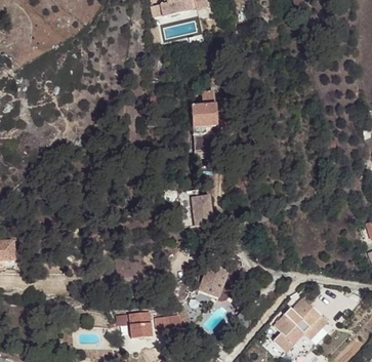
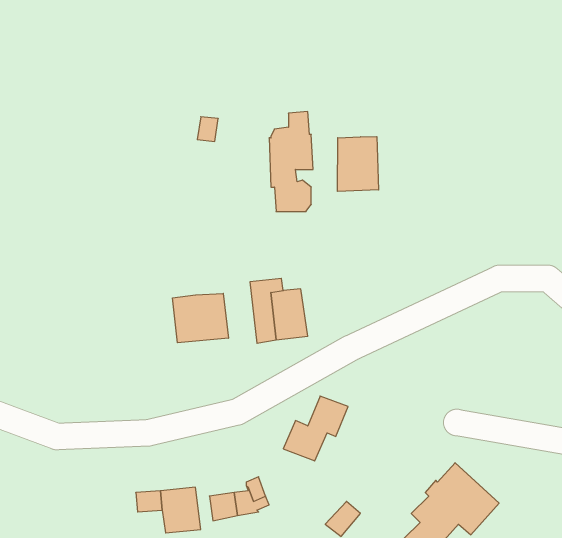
building: none -> [337,137,379,191]
building: none -> [173,293,228,343]

